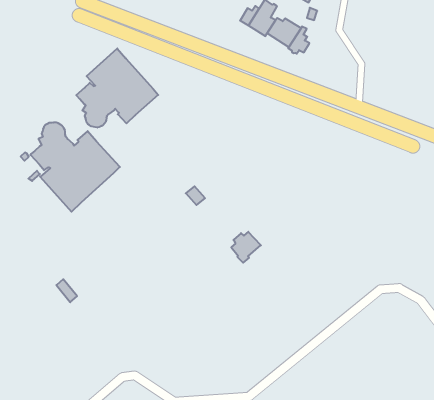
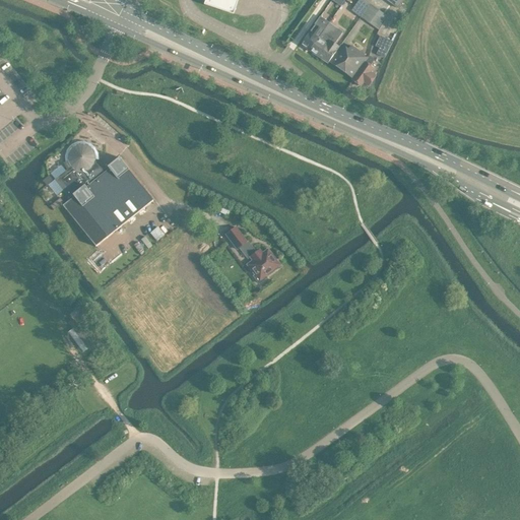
building: [76,48,158,128] -> none
building: [231,232,261,263] -> [246,247,279,281]

